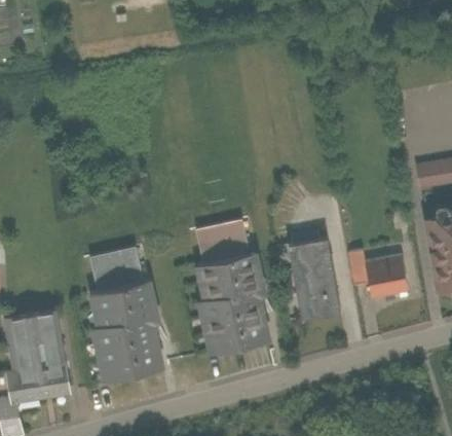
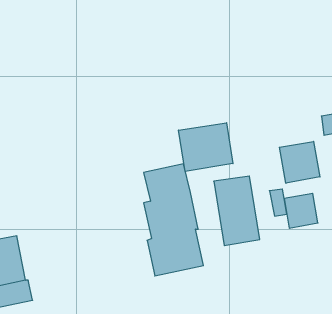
building: none -> [179,123,233,172]
building: none -> [279,141,320,183]
building: [93,248,164,380] -> none

